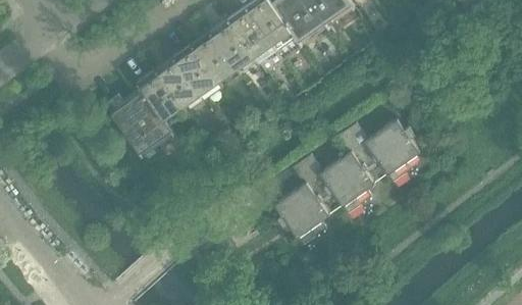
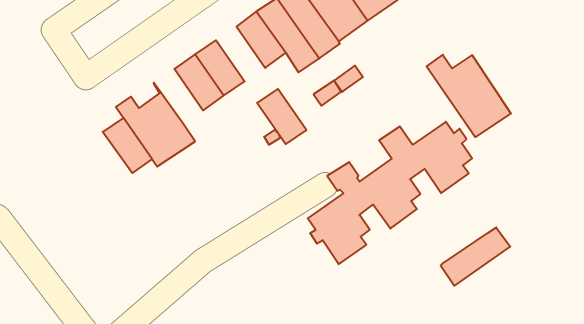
building: [193,32,237,81] -> [257,89,306,144]
building: none -> [427,55,511,137]
building: [138,69,181,118] -> [103,118,152,173]
building: none -> [441,227,510,286]

